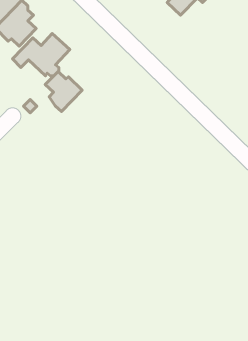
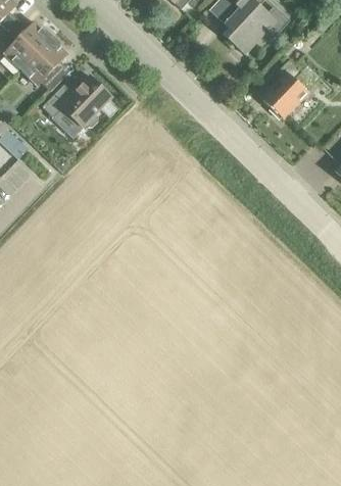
building: none -> [260,59,307,119]
building: [45,71,82,112] -> none

